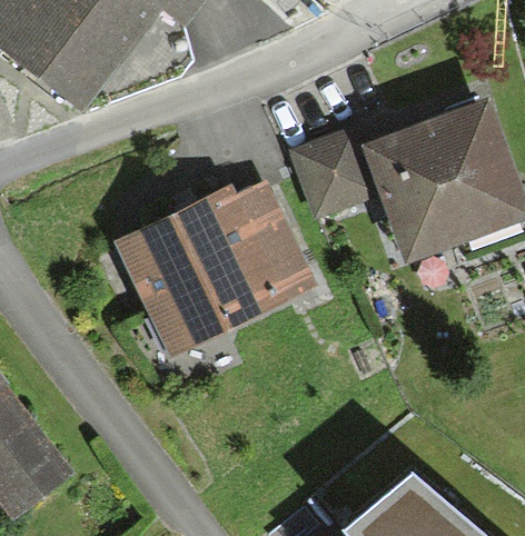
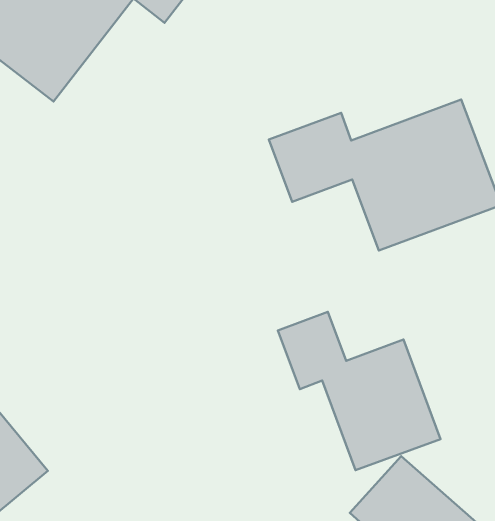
building: [118,178,313,351] -> none
building: none -> [278,312,440,470]

